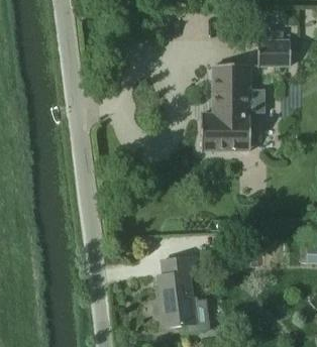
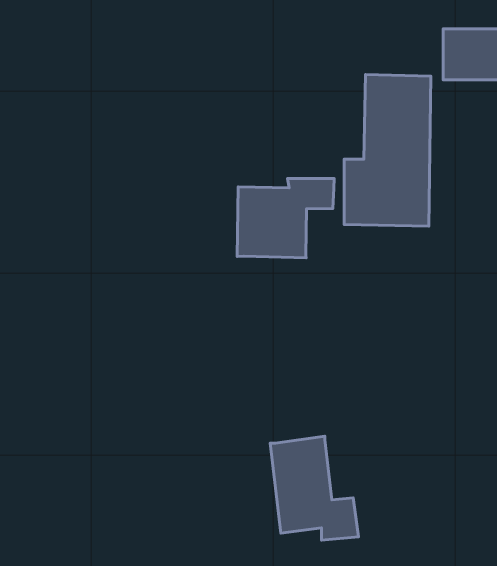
building: none -> [237,178,334,258]
building: [161,253,198,273] -> none

